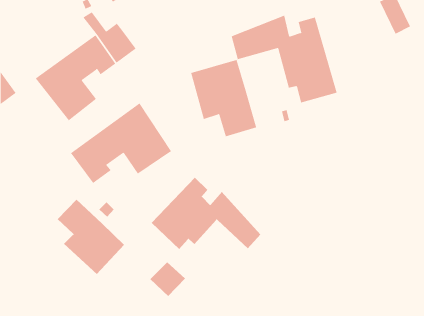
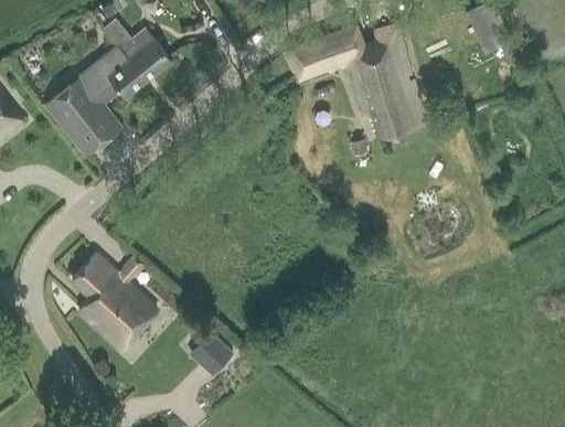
building: [190,59,257,137] -> none
building: [70,103,172,184] -> none
building: [151,177,261,250] -> none

